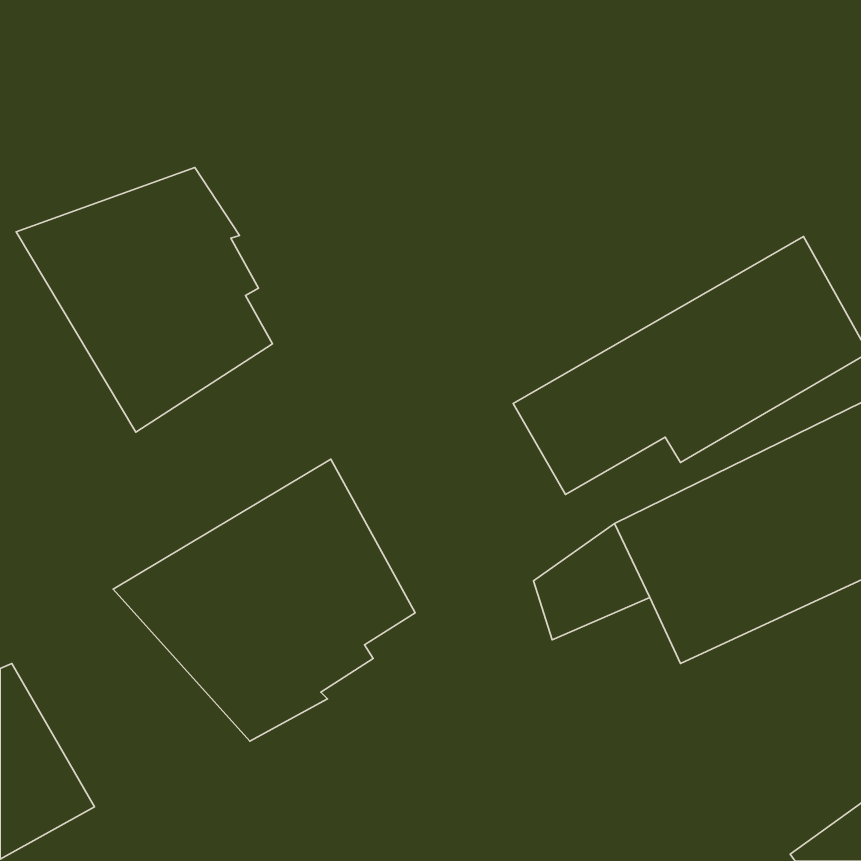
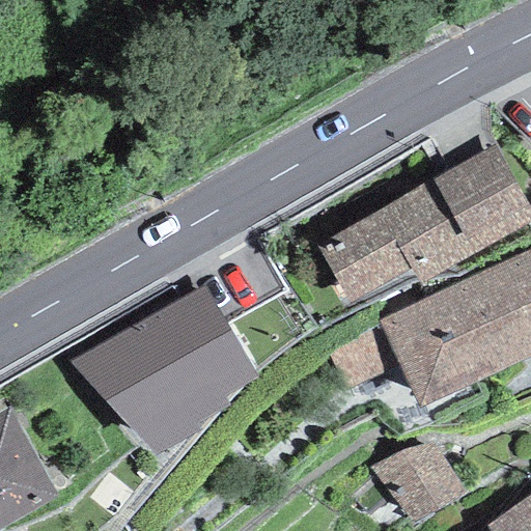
building: [16,167,273,432] -> none
building: none -> [368,441,466,524]

